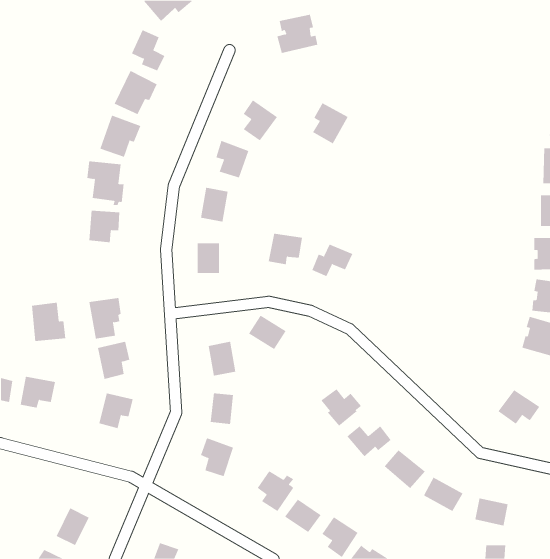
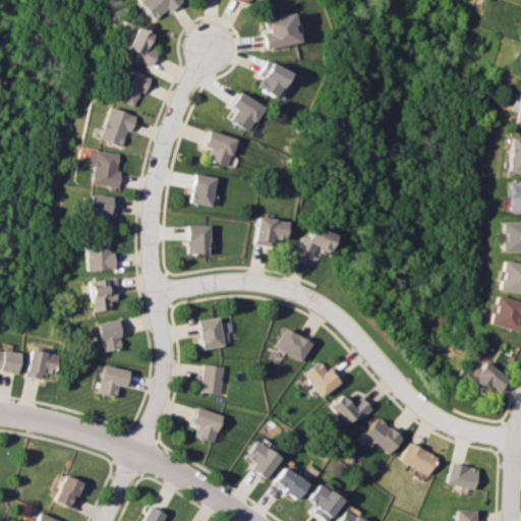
building: [312,103,348,144] -> [260,60,294,99]
building: [31,302,66,342] -> [86,235,119,272]
building: [248,315,286,350] -> [279,329,314,361]

